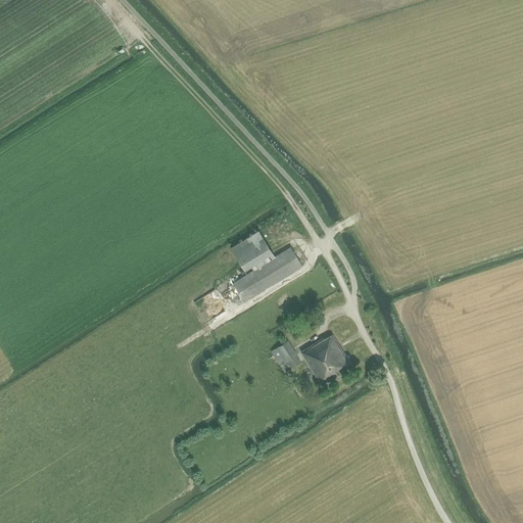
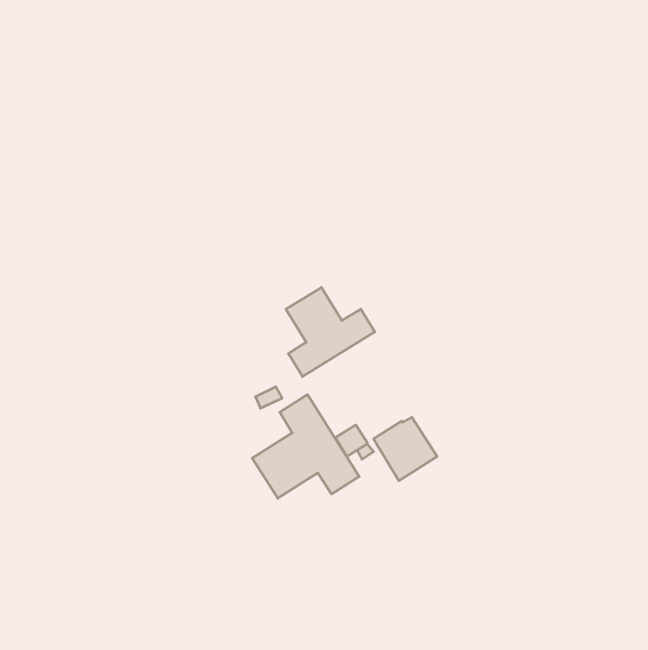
building: none -> [252,395,359,498]

